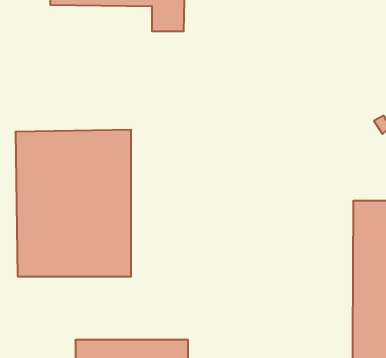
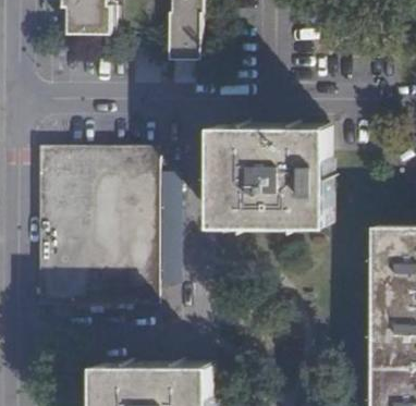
building: none -> [211,124,321,221]

